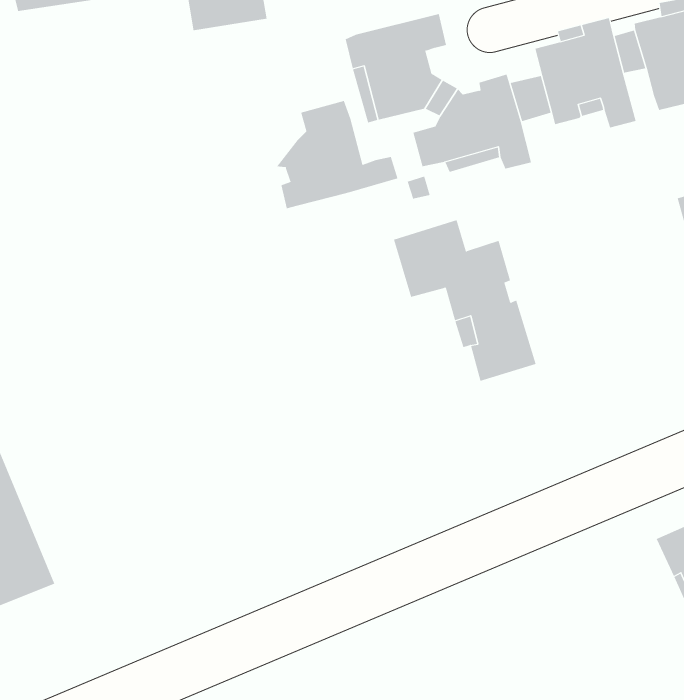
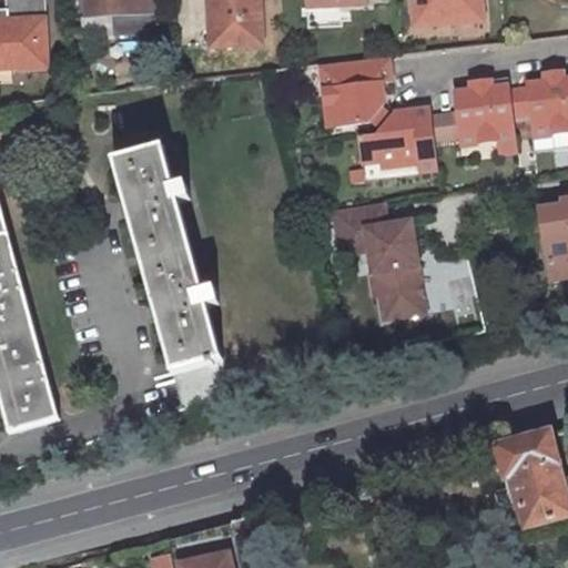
building: [276,100,398,209] -> none
building: none -> [113,149,229,409]

